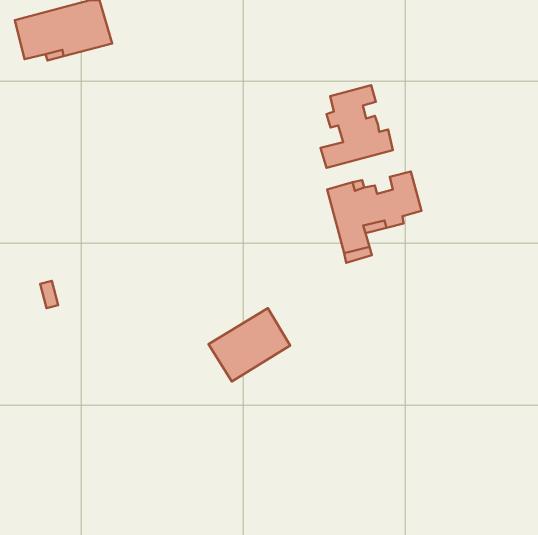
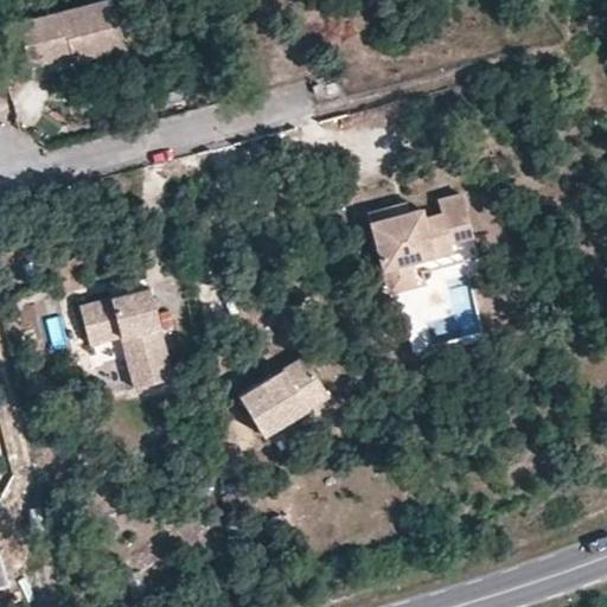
building: [321,85,393,168] -> none
building: none -> [79,288,174,389]

